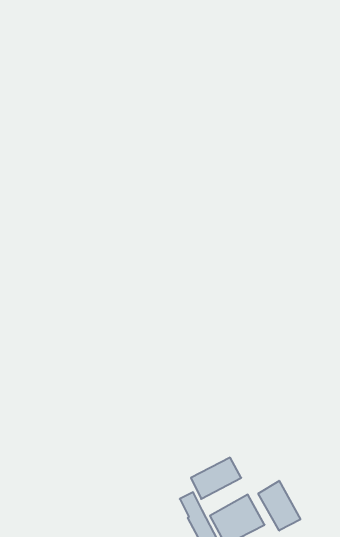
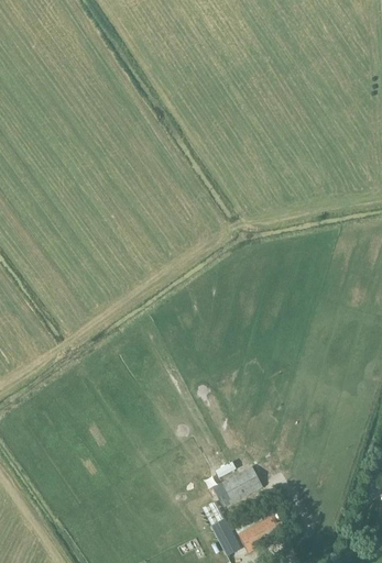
building: [258,481,300,531] -> none

